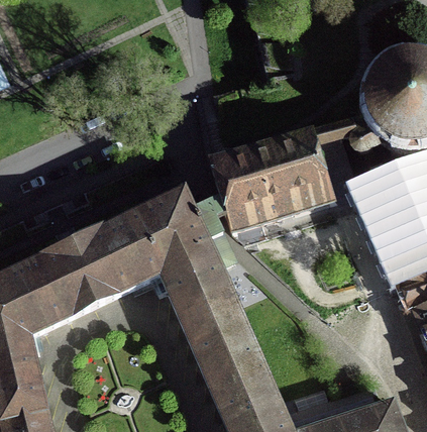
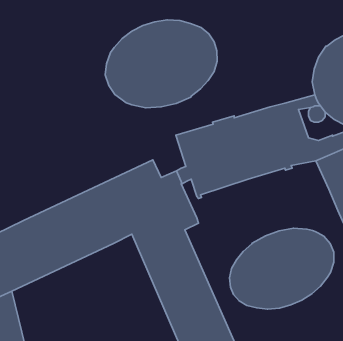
building: none -> [105,20,217,108]
building: none -> [230,228,334,309]

